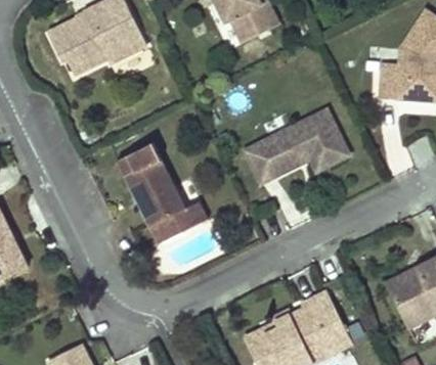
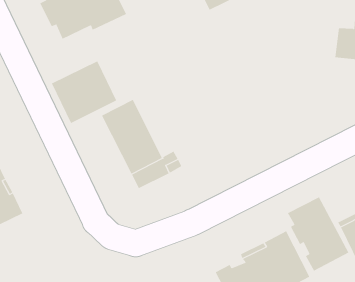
building: none -> [51,60,117,124]
building: [245,107,348,182] -> none
building: none -> [287,196,349,272]

